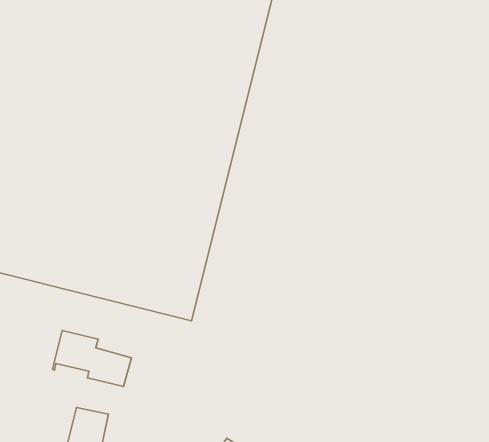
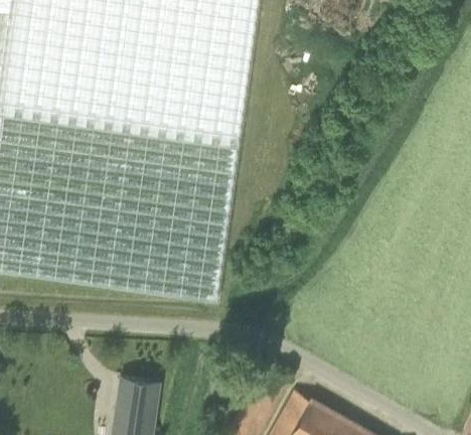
building: [52,330,131,387] -> none

